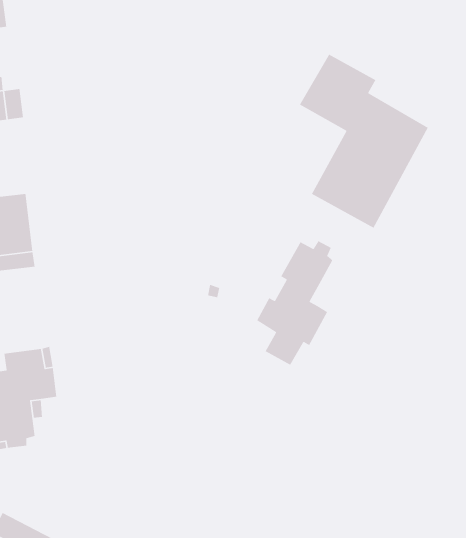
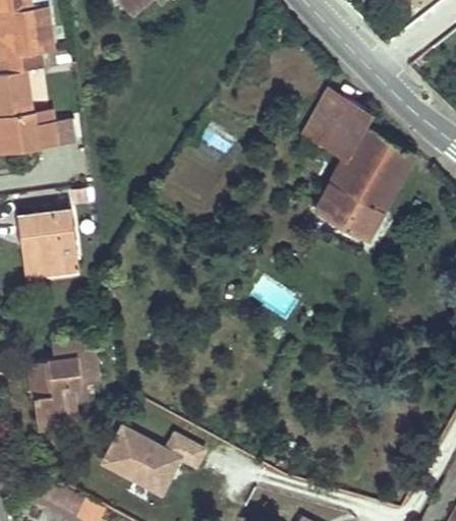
building: [256,240,333,366] -> none
building: none -> [103,427,205,496]

